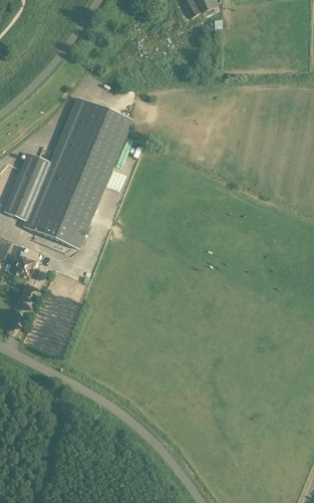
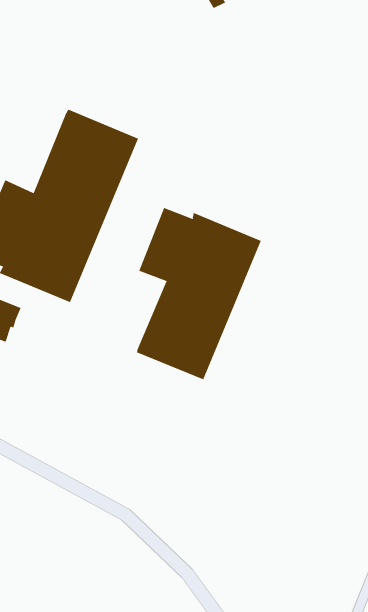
building: none -> [137,207,262,380]

